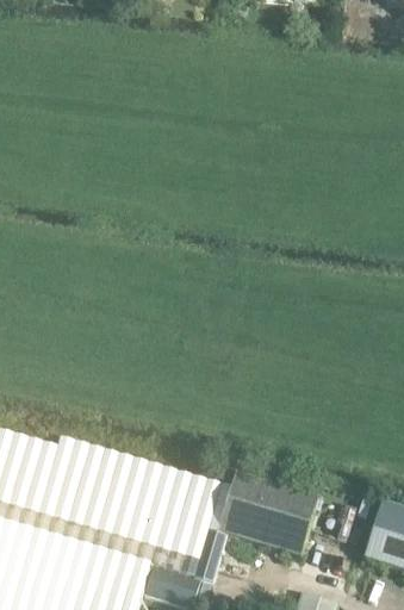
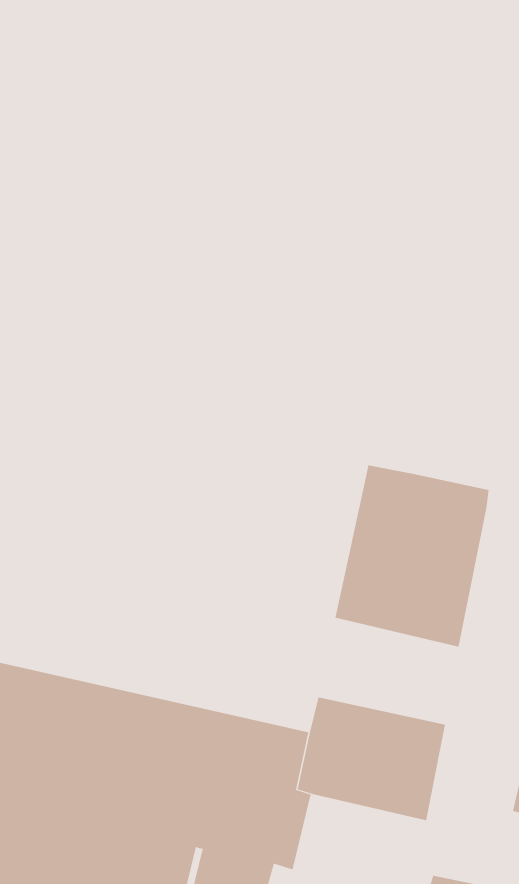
building: none -> [335,464,489,647]

